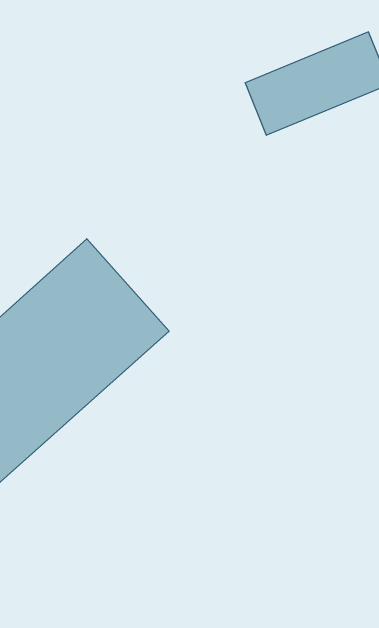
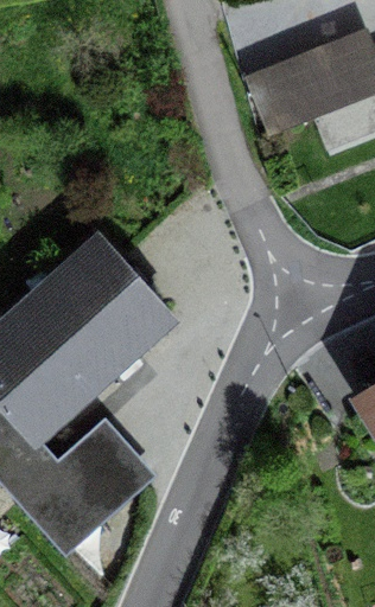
building: none -> [21,445,129,551]

